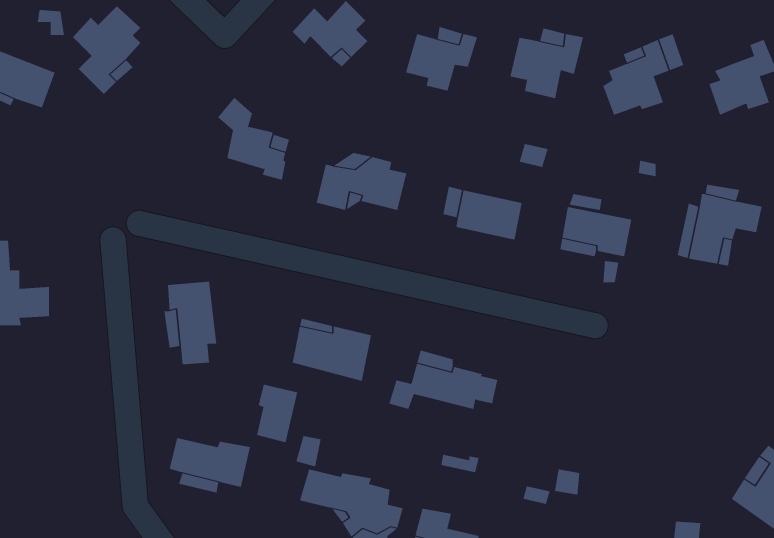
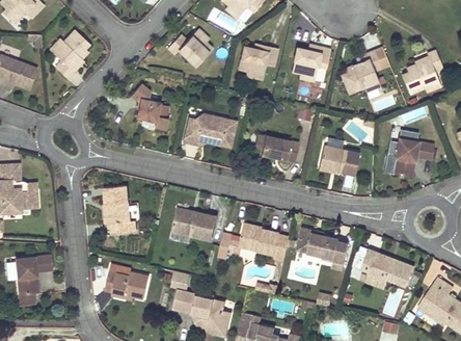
building: none -> [295,226,350,267]
building: [257,384,298,443] -> none
building: none -> [359,247,412,287]
building: none -> [15,253,48,301]

